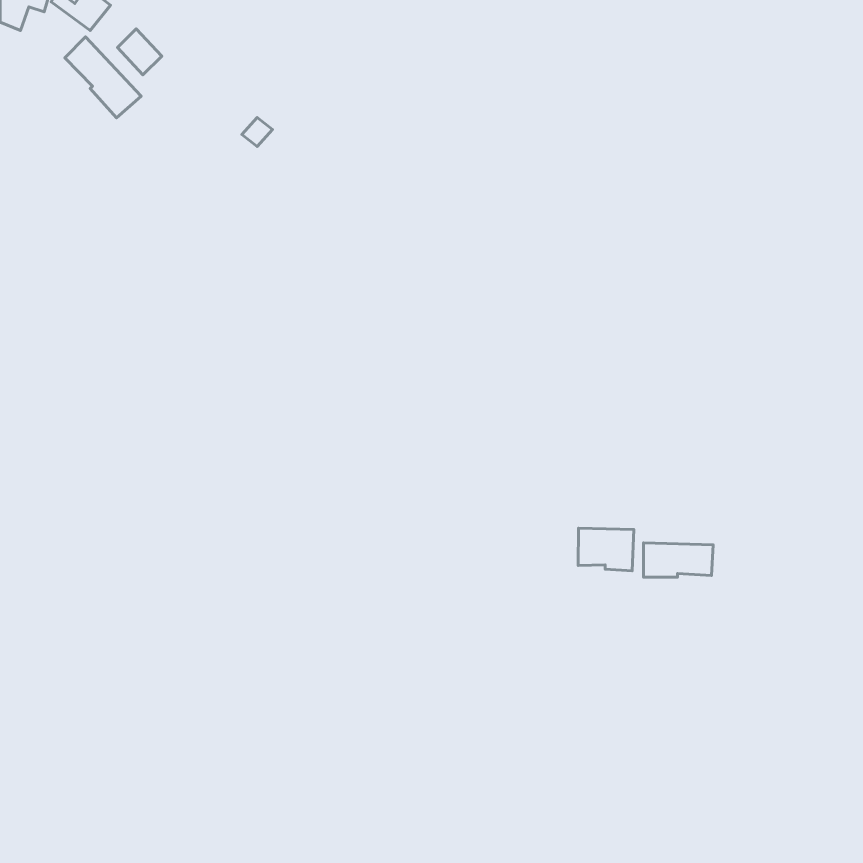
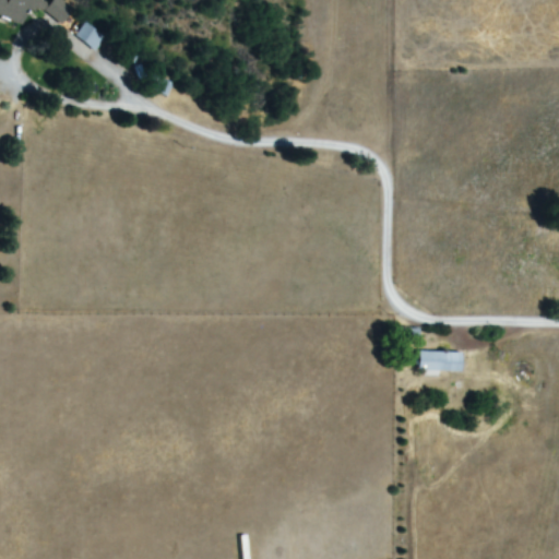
building: [65,37,141,118] -> none
building: [578,528,634,571] -> none

